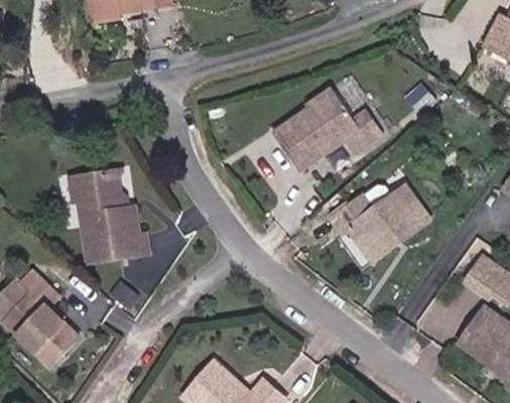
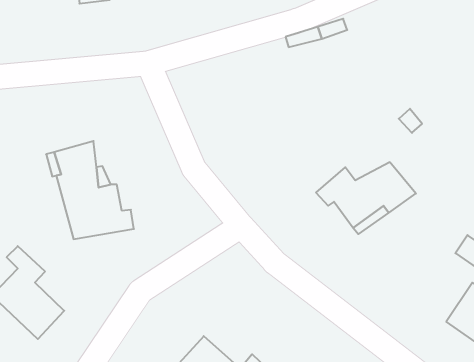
building: [284,91,389,170] -> none

